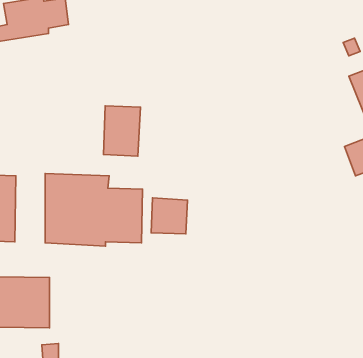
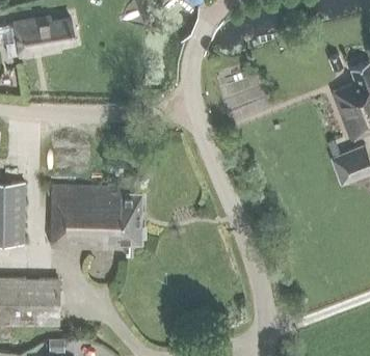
building: [104,106,140,156] -> none
building: [151,198,187,234] -> none

